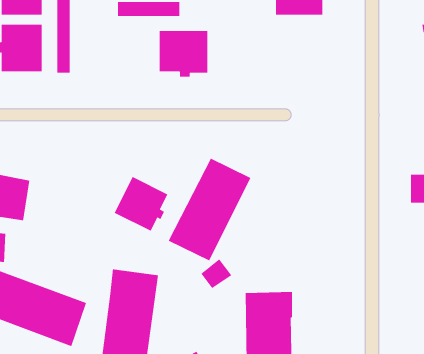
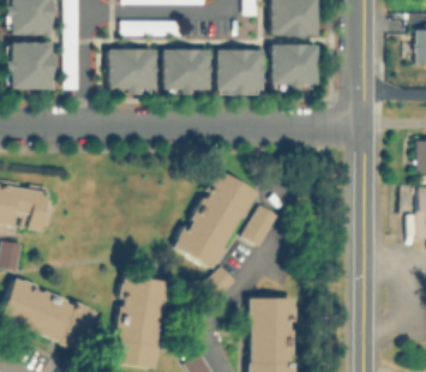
building: none -> [272,46,318,89]
building: none -> [109,49,156,94]
building: none -> [218,50,264,95]
building: [114,176,168,231] -> none
building: none -> [240,205,274,246]

